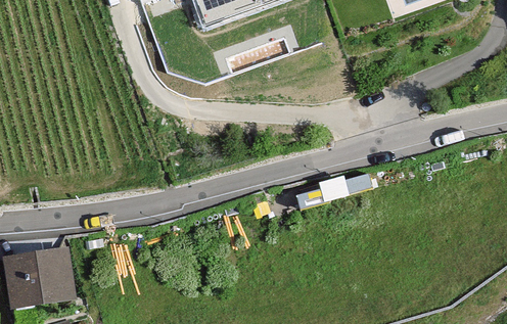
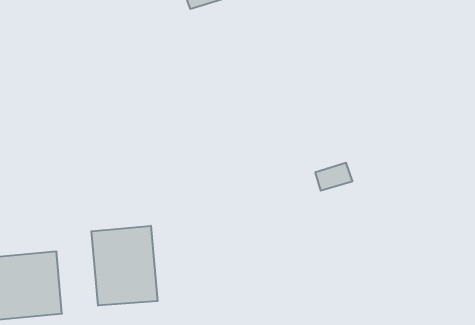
building: none -> [91,226,158,306]

